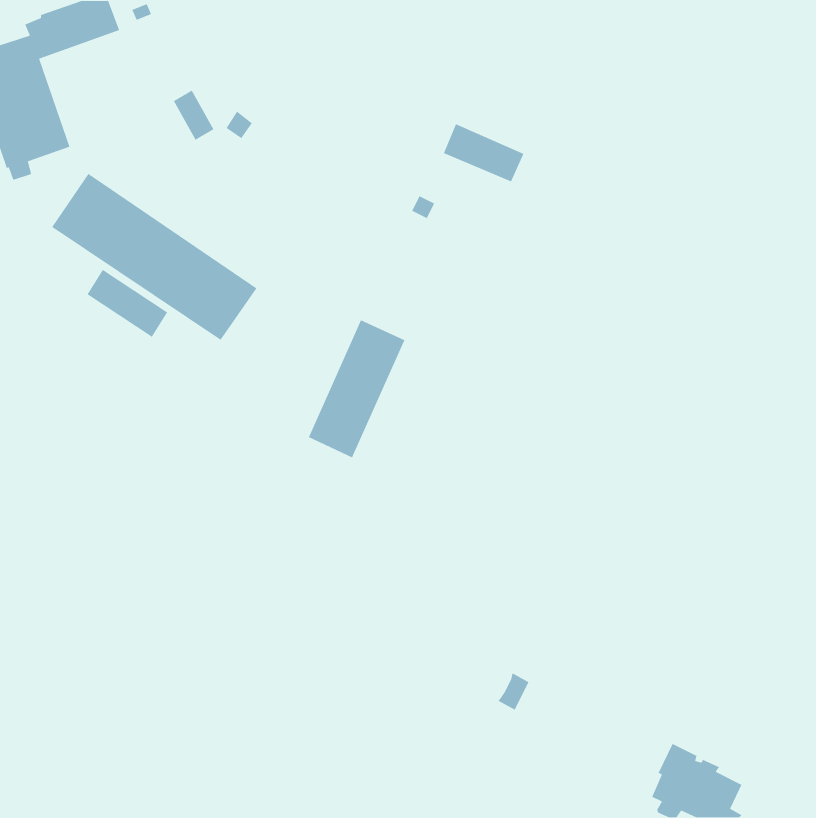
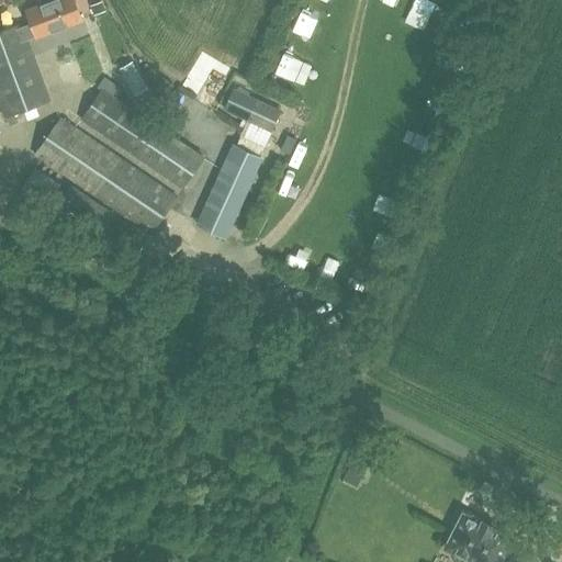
building: [443,123,524,182] -> [225,89,281,130]
building: none -> [82,89,204,188]
building: [308,319,405,458] -> [195,144,262,239]

